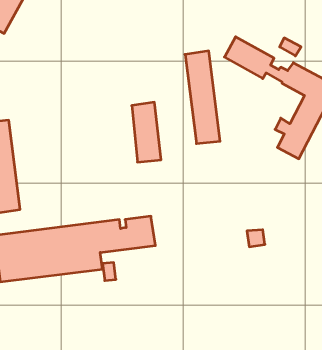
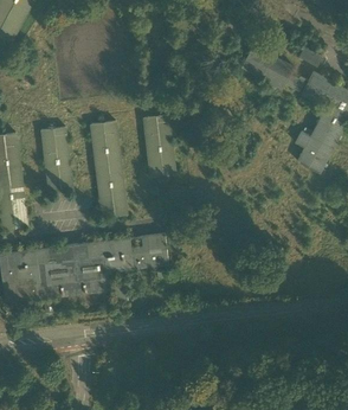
building: [185,51,220,144] -> [90,118,127,216]
building: none -> [40,126,72,193]

